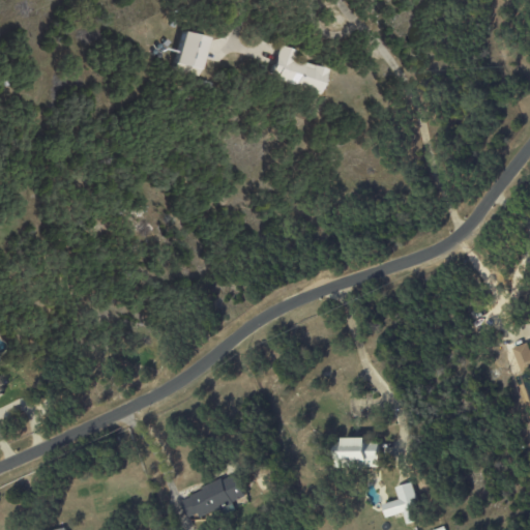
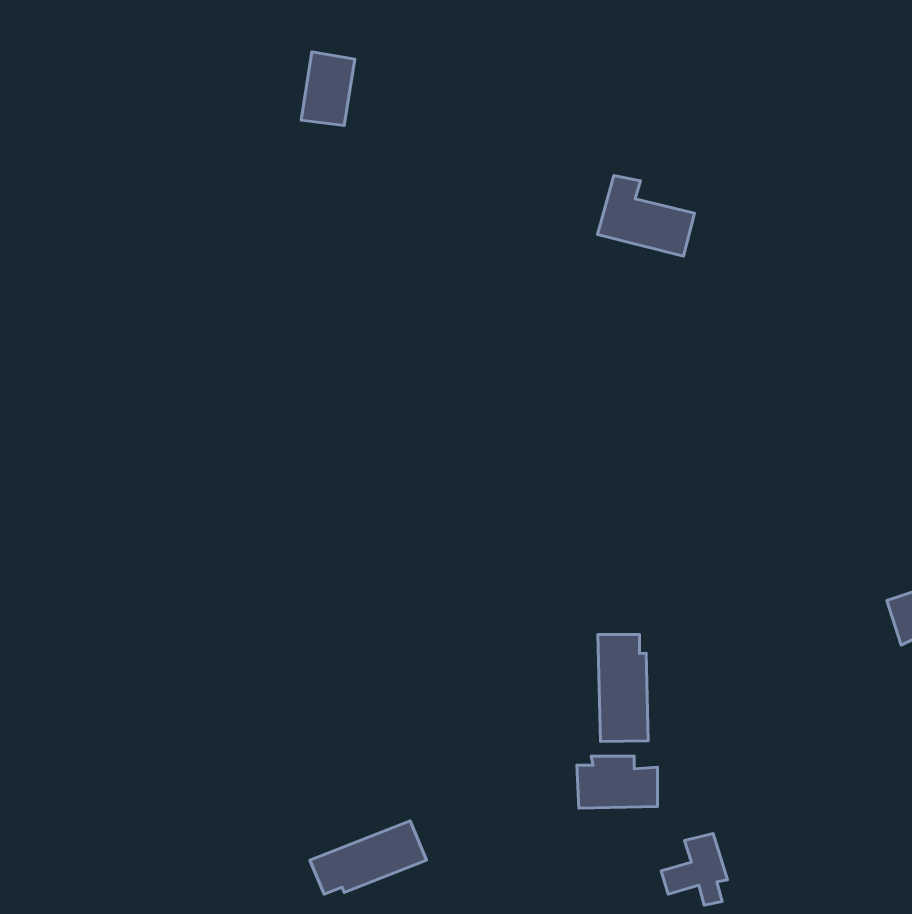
building: [271,45,327,91] -> [598,176,694,256]
building: none -> [598,635,648,741]

